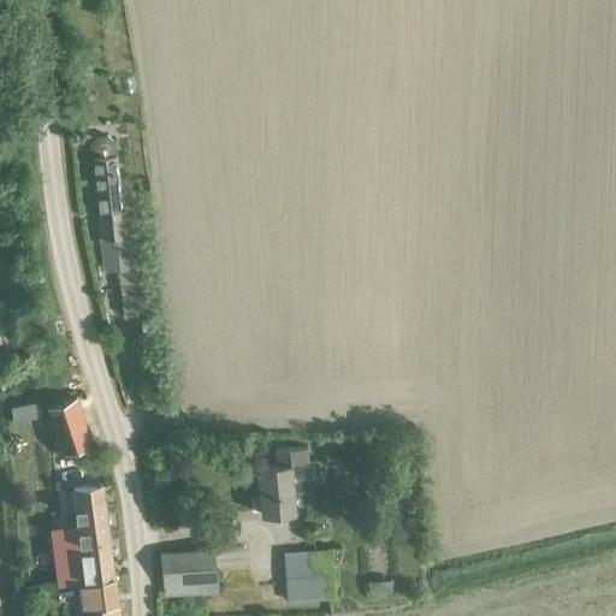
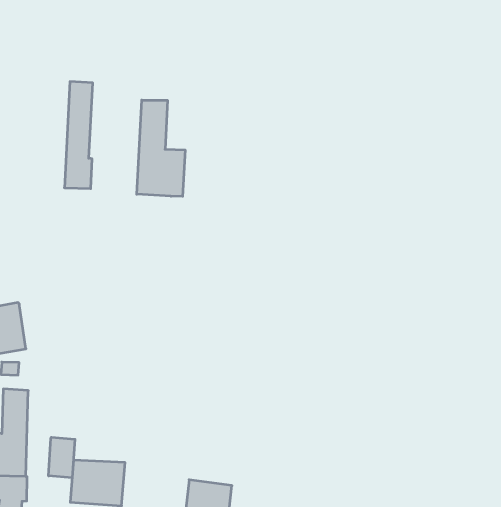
building: none -> [137,100,185,196]
building: [259,452,309,519] -> none
building: none -> [49,437,75,478]

